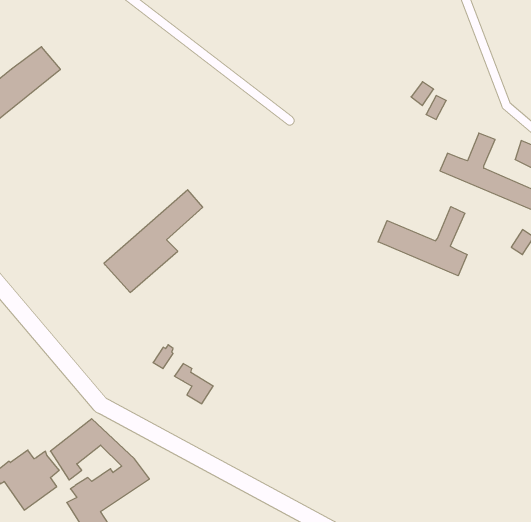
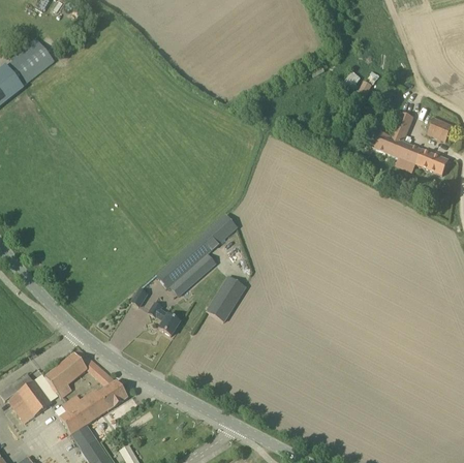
building: [104,190,203,292] -> [155,213,237,298]
building: [378,207,467,276] -> none
building: none -> [205,275,246,321]

